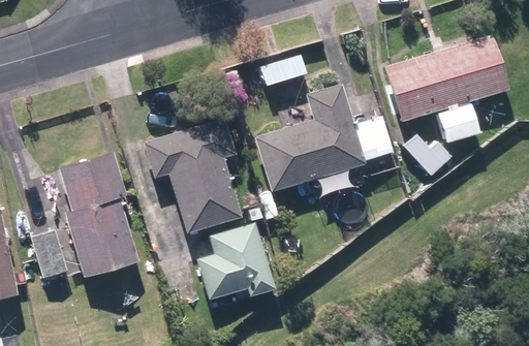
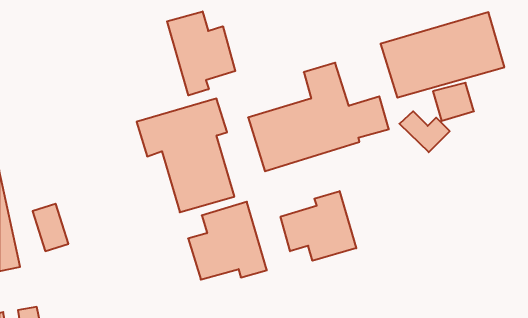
building: none -> [167,11,235,95]
building: [70,147,147,269] -> none
building: none -> [281,191,356,261]

